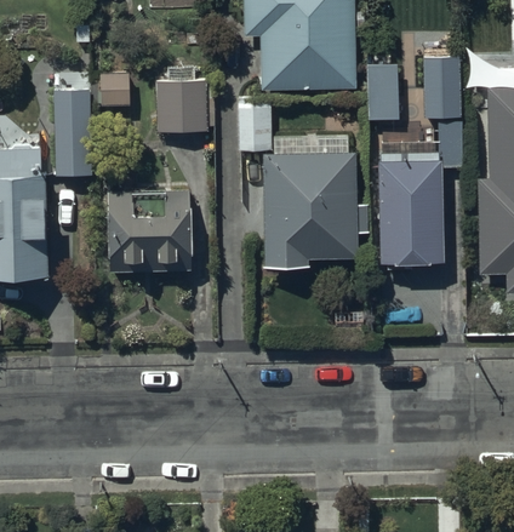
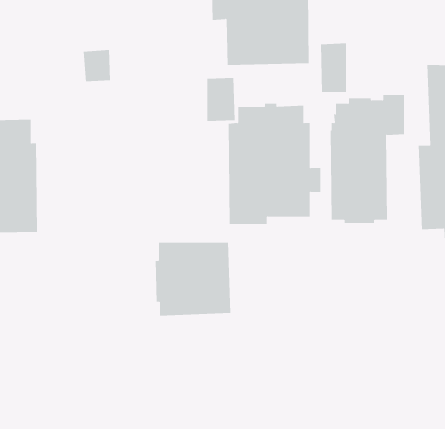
building: [423,53,461,119] -> none
building: [156,64,216,133] -> none
building: [55,88,92,177] -> none
building: [105,191,192,275] -> [155,242,231,316]

